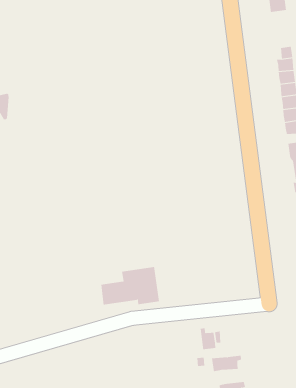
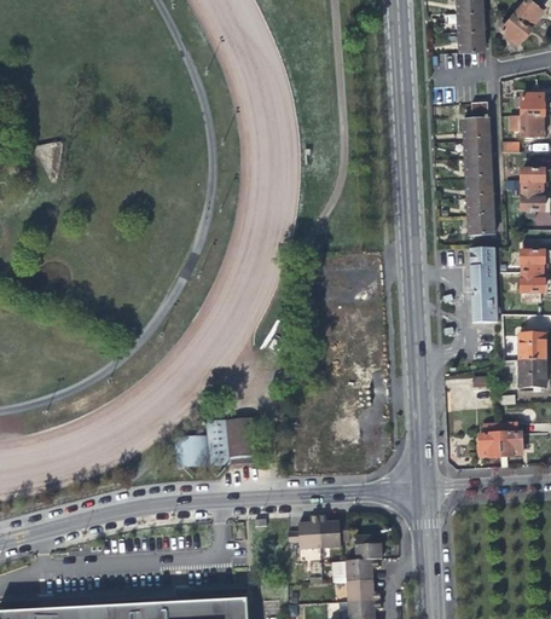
building: none -> [298,515,319,548]
building: none -> [354,536,381,561]
building: none -> [346,580,378,601]

